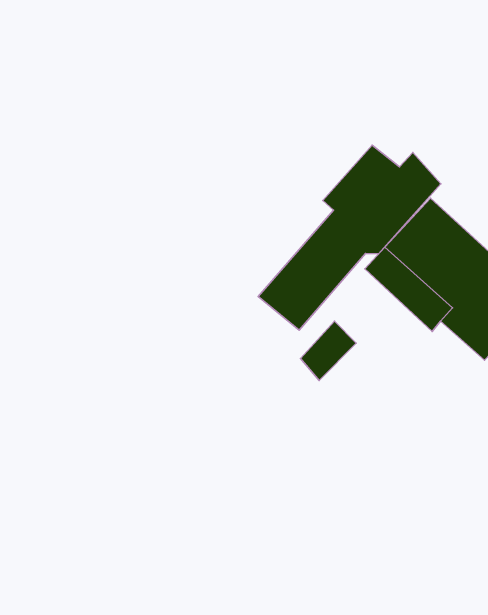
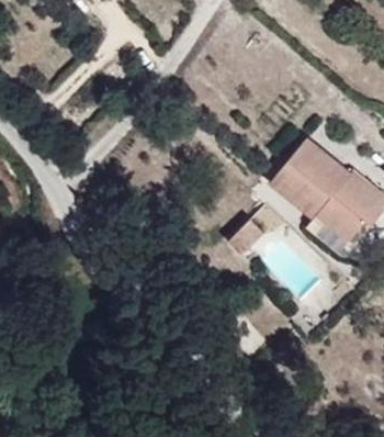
building: [258,145,441,330] -> none

